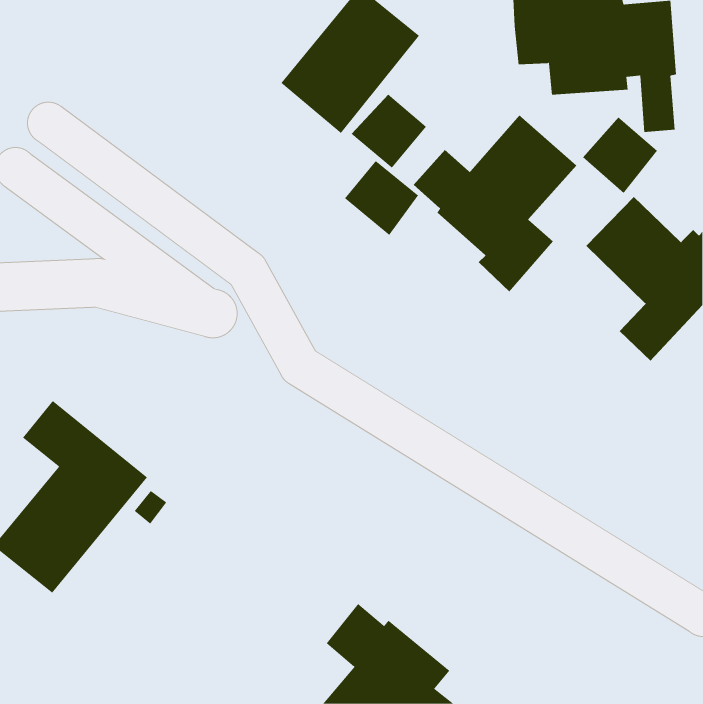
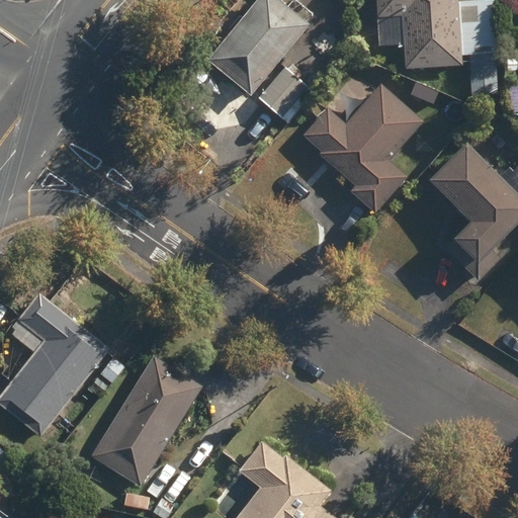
building: [582,117,658,194] -> none
building: [344,160,419,236] -> none
building: none -> [91,356,201,486]

